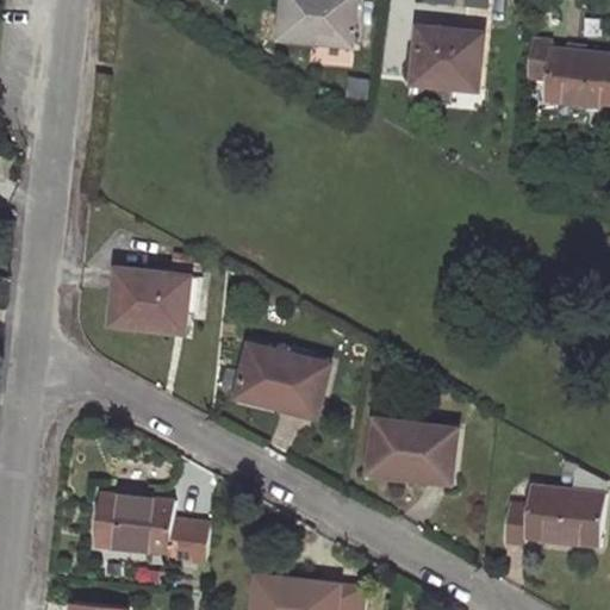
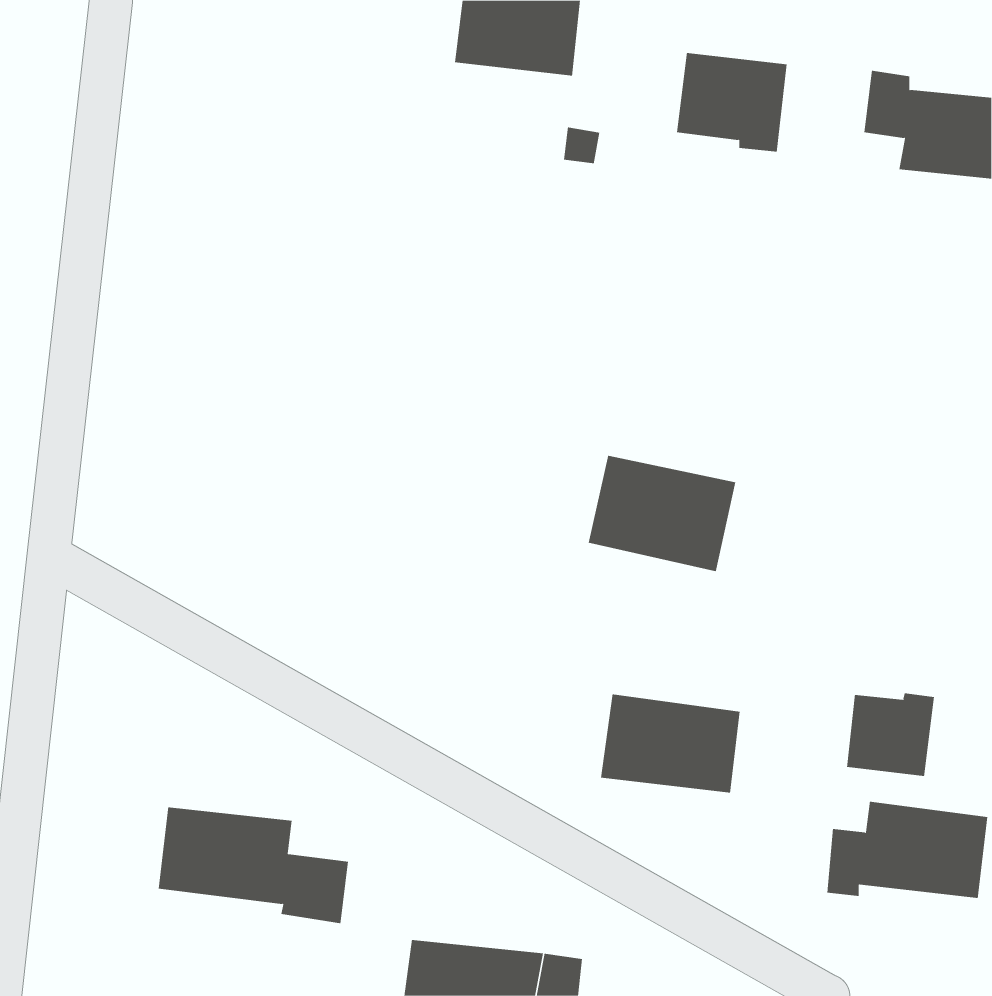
building: [110,264,187,325] -> none
building: [235,343,325,415] -> [588,455,736,572]
building: none -> [846,692,934,777]

